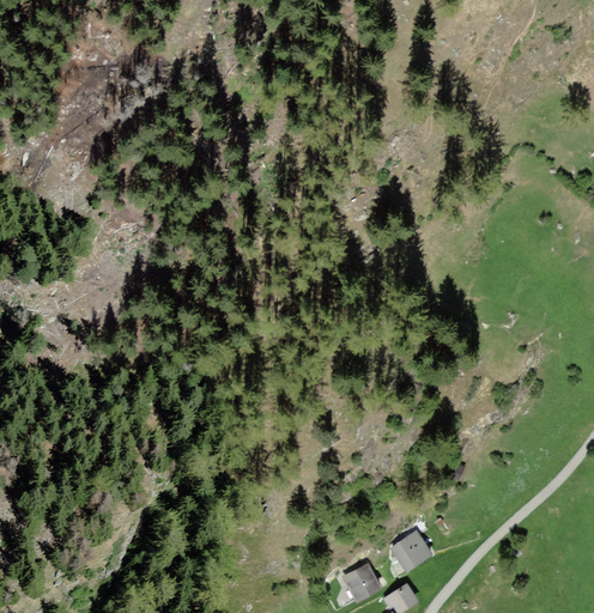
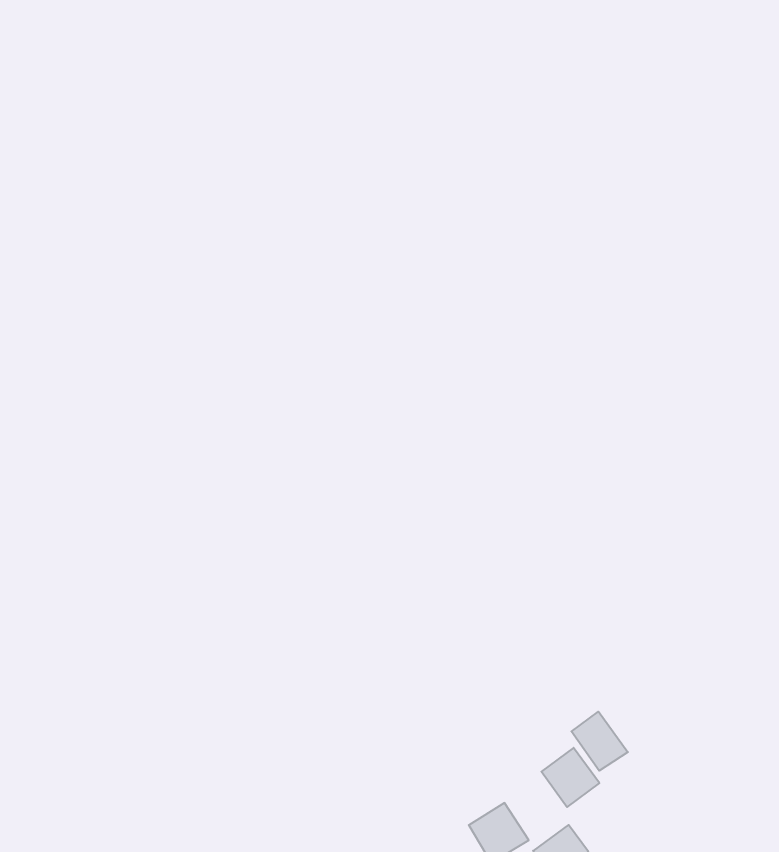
building: none -> [571,712,628,771]

